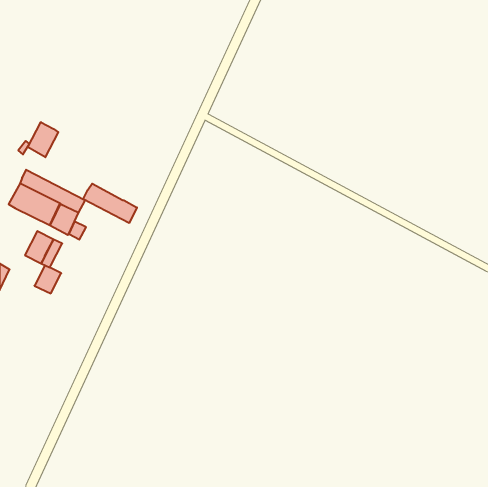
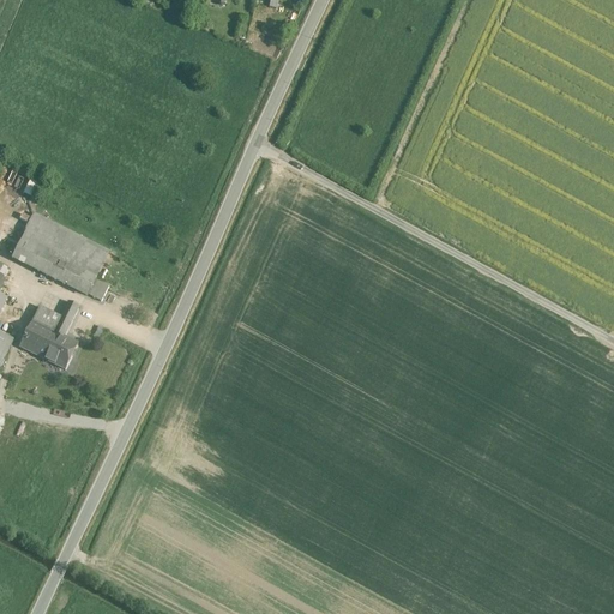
building: [28,122,58,157] -> none
building: [83,184,137,223] -> none
building: none -> [18,319,56,360]

